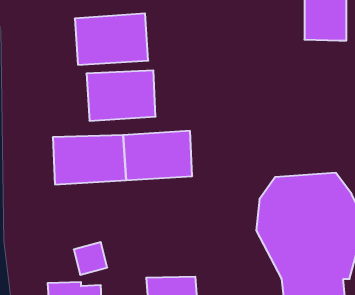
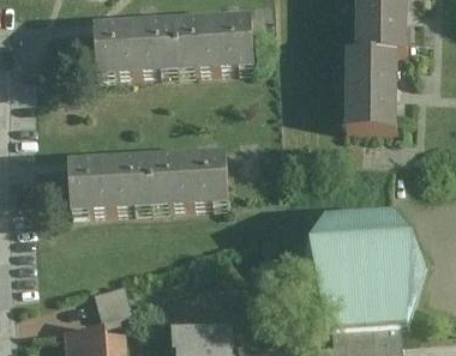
building: none -> [344,48,395,129]
building: [86,70,156,121] -> [173,14,252,72]

